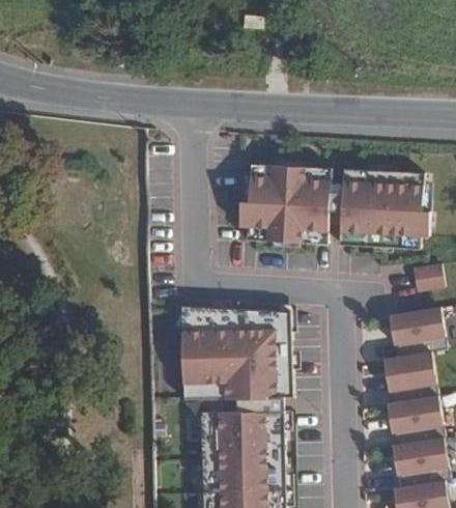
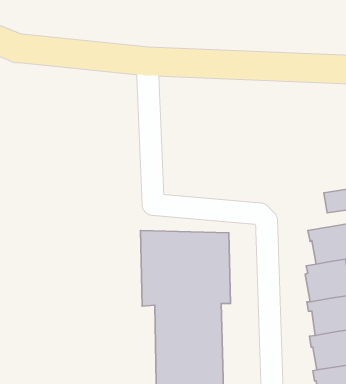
building: [238,166,427,250] -> none

